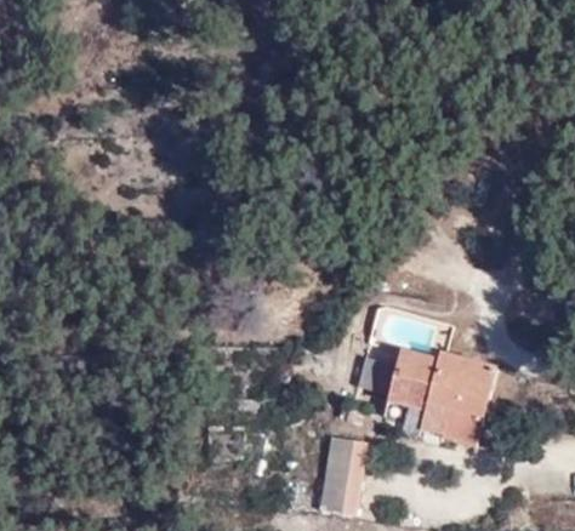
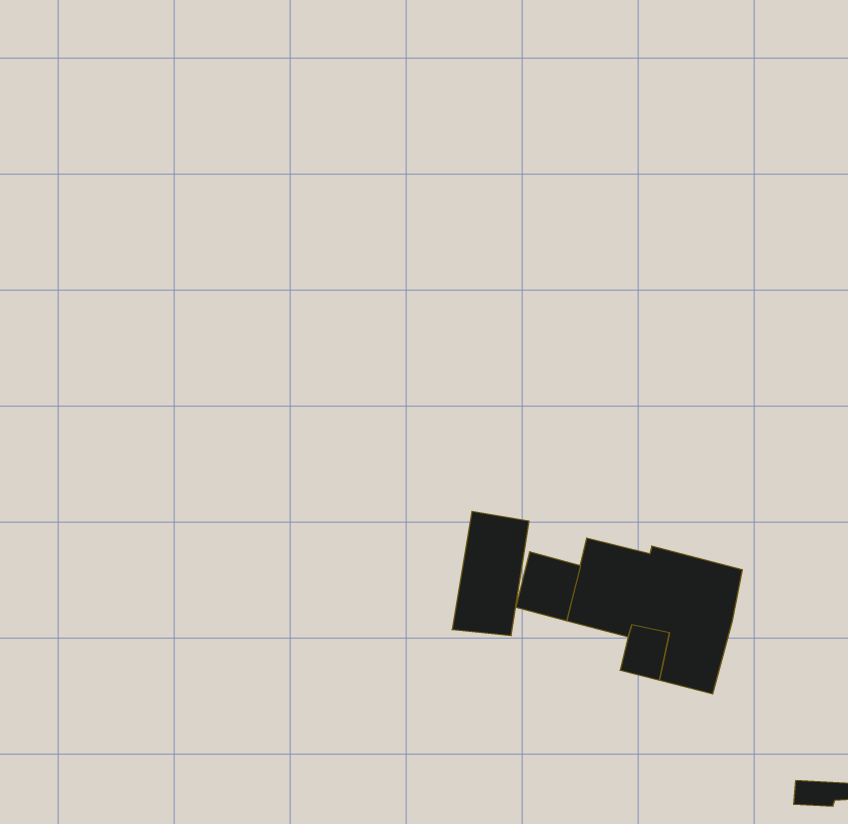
building: [319,438,366,514] -> [452,511,529,636]

